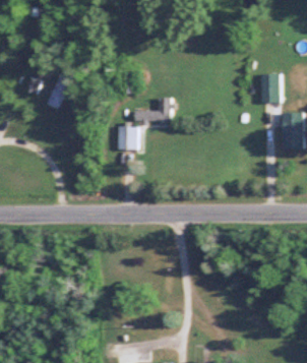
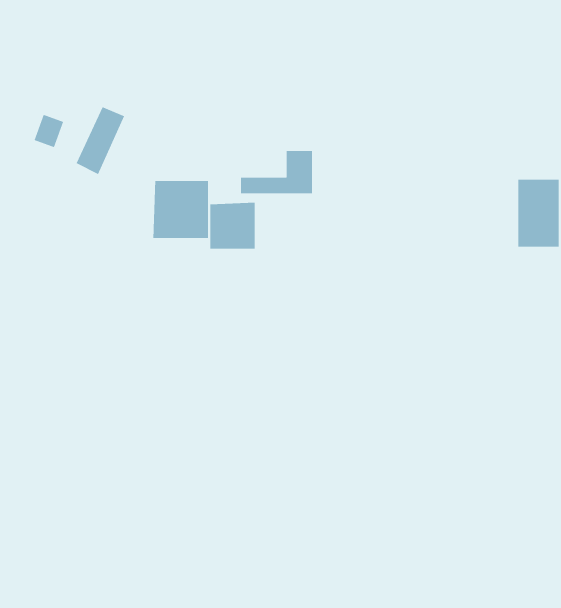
building: [262,74,284,103] -> none
building: none -> [152,180,209,239]

